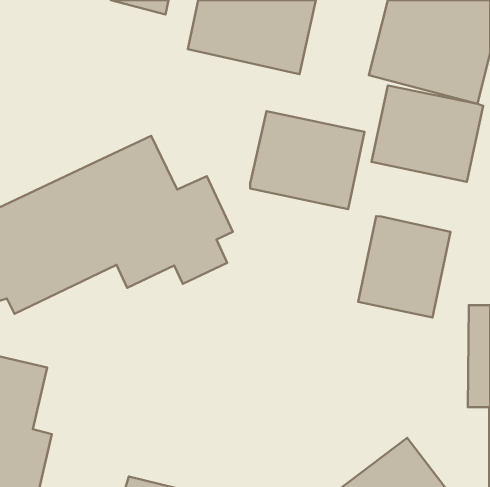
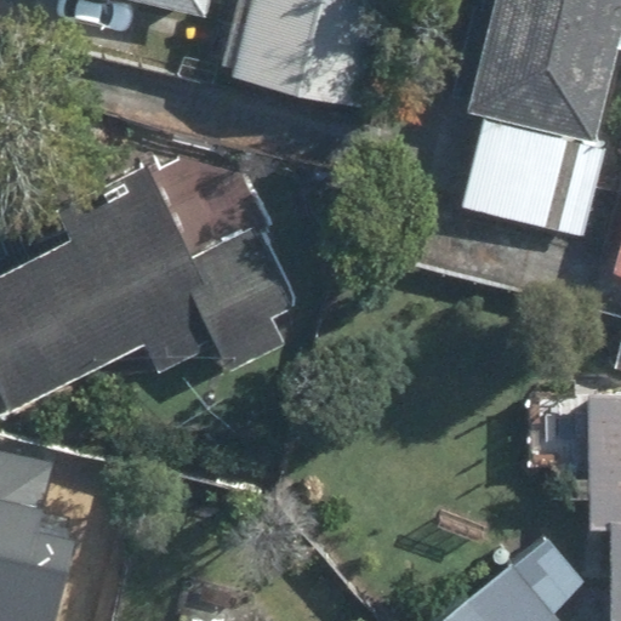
building: [250,111,365,209] -> none
building: [358,216,450,318] -> none

